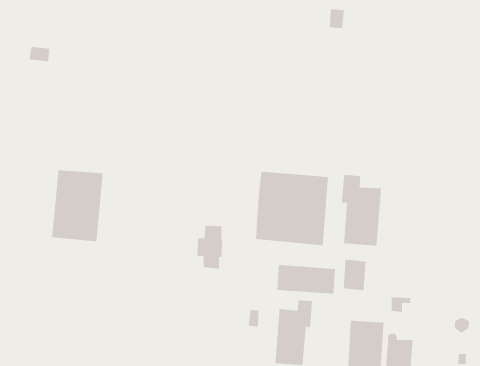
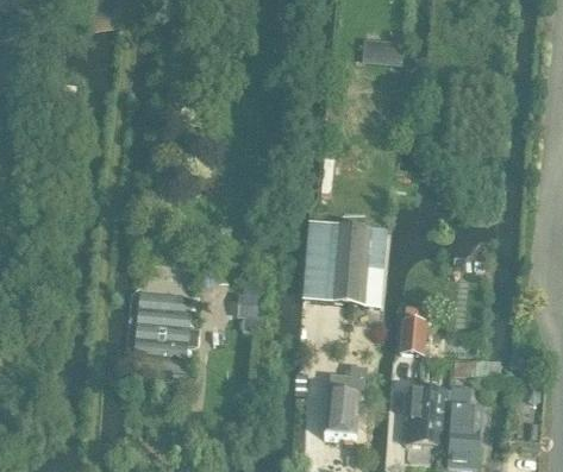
building: [51,170,104,242] -> [132,291,190,372]
building: [341,174,382,247] -> none
building: [276,264,336,294] -> none

